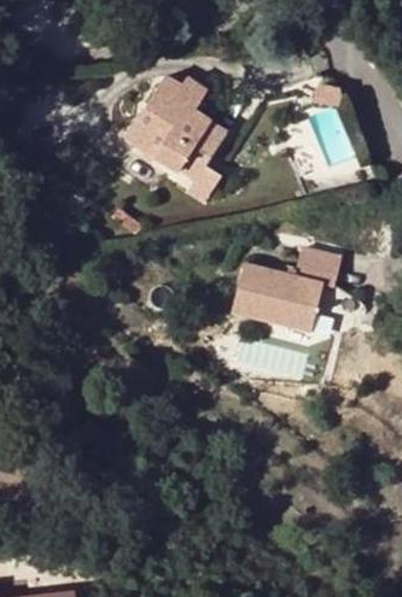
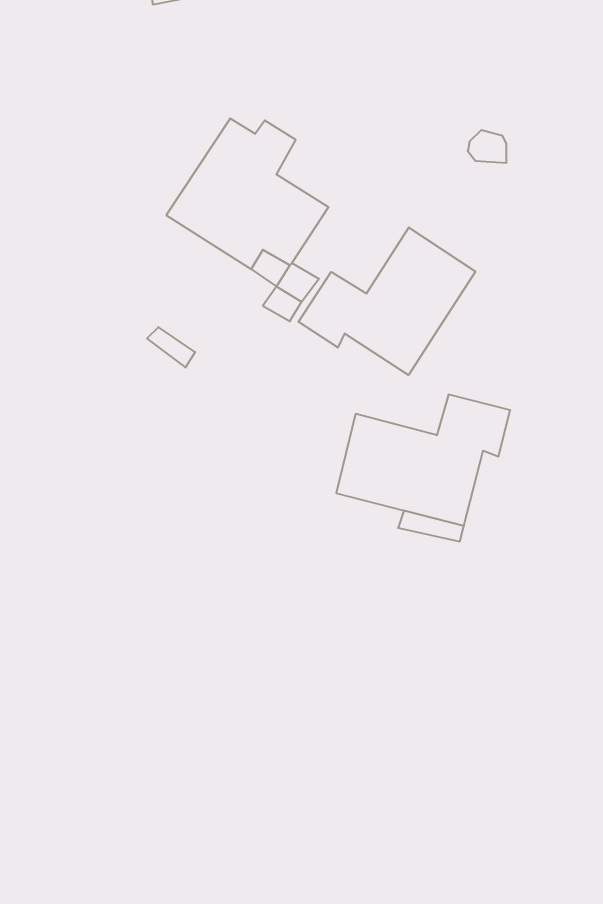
building: none -> [298,227,475,375]

